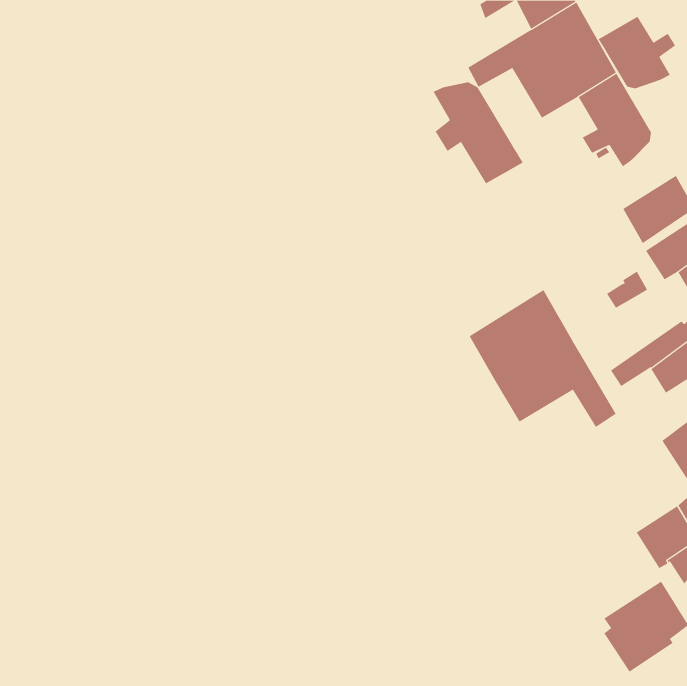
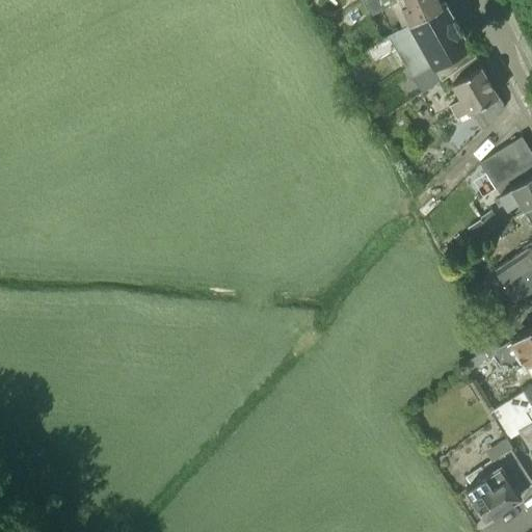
building: [598,16,676,89] -> none
building: [433,82,524,184] -> none
building: [469,289,616,428] -> none

